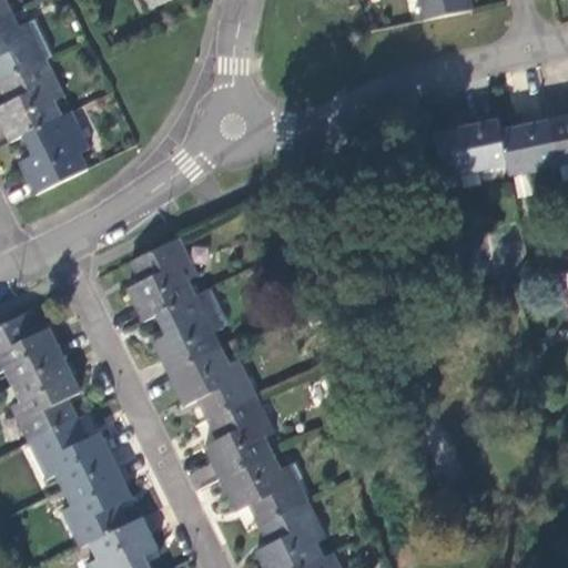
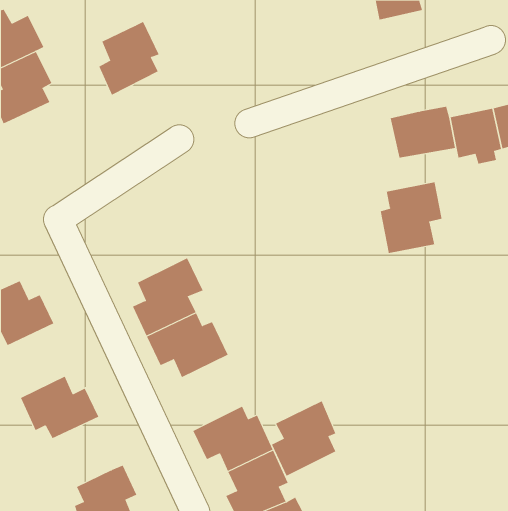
building: [19,110,87,192] -> [98,21,160,95]
building: none -> [380,182,442,254]
building: [125,237,196,321] -> none
building: [10,359,80,442] -> none
building: [201,394,273,478] -> [271,400,336,477]
building: [61,463,130,545] -> none

